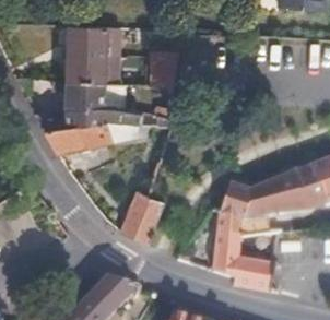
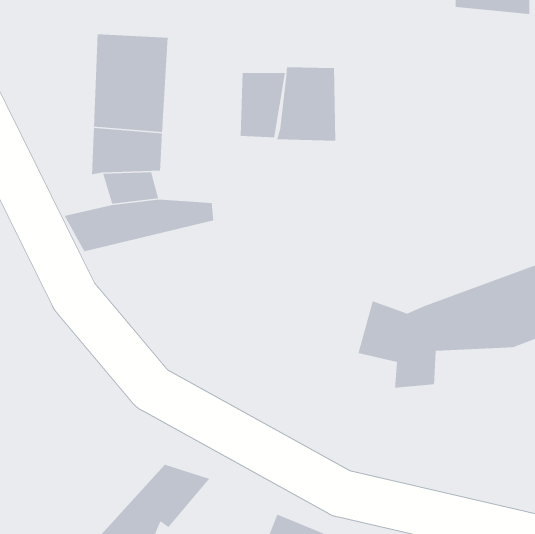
building: none -> [276,67,336,141]
building: [125,192,166,242] -> none
building: [212,212,278,294] -> none

